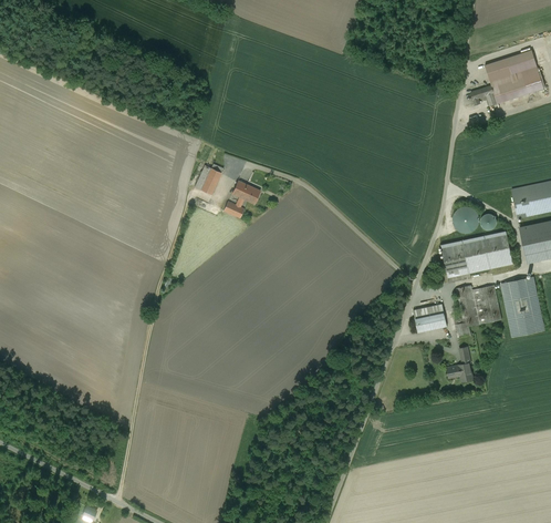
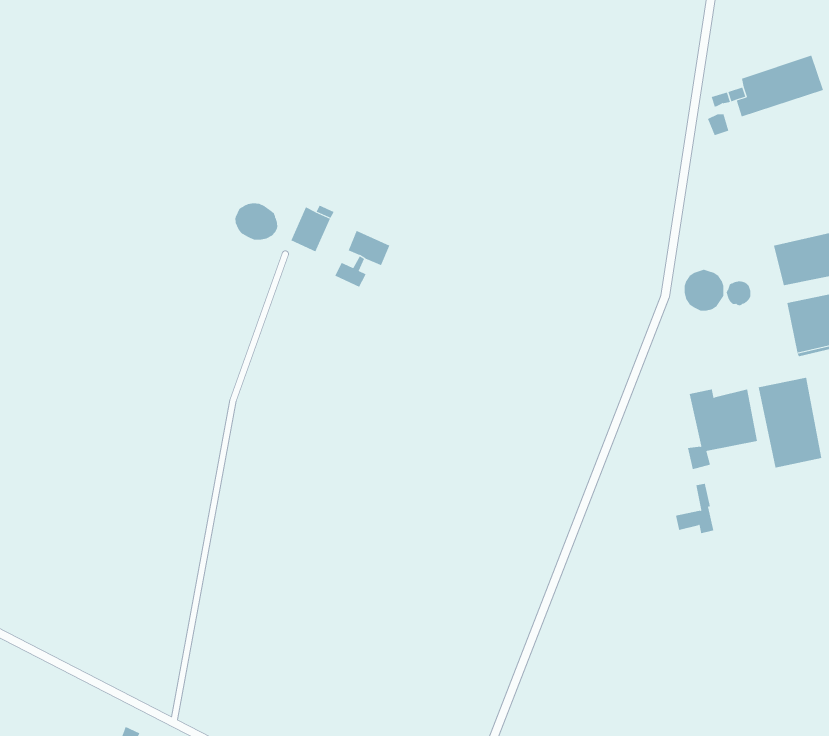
building: [485,50,537,81] -> none
building: none -> [235,203,278,241]
building: [441,232,512,277] -> none
building: [413,304,447,332] -> none

